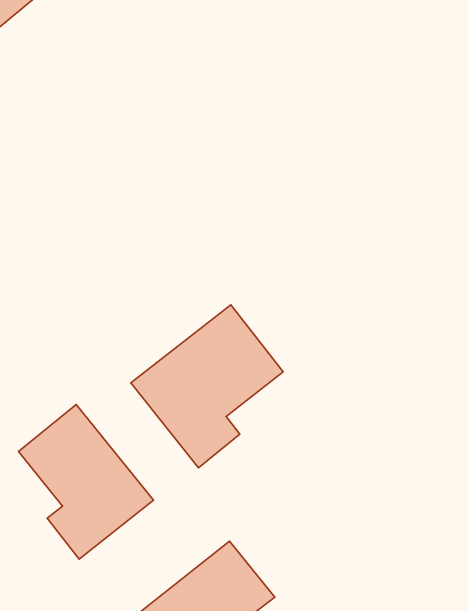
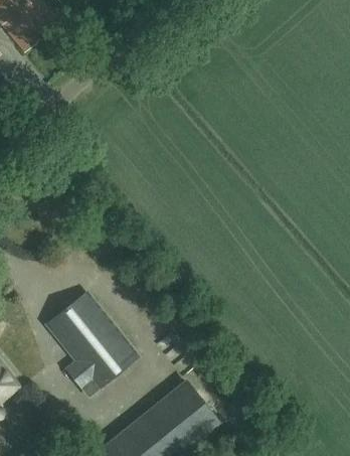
building: [131,305,283,468] -> none

